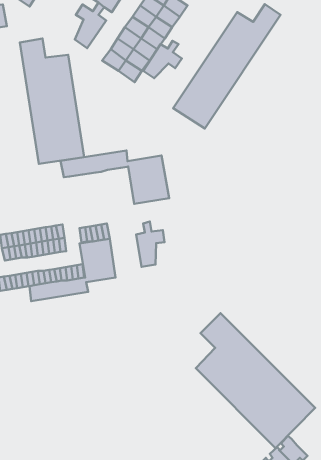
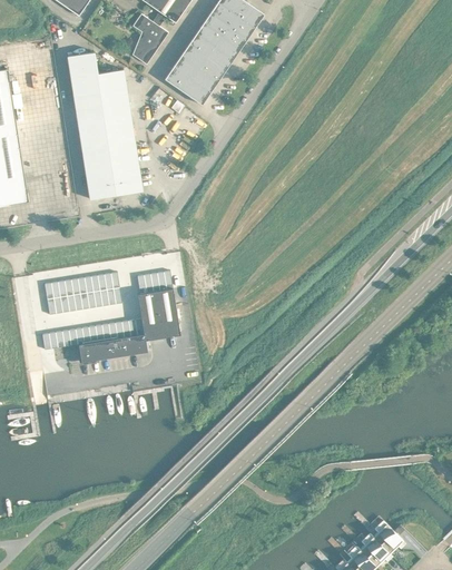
building: [173,4,281,129] -> none
building: [143,41,182,78] -> none
building: [61,151,169,204] -> none
building: [136,222,165,267] -> none
building: [196,313,315,448] -> none

